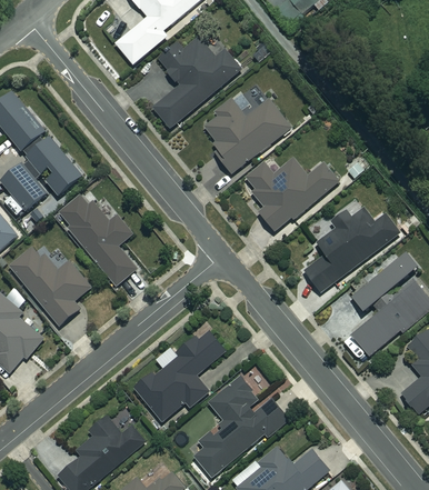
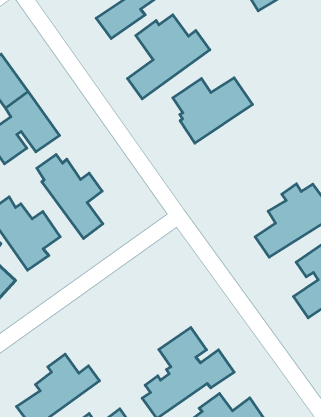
building: [246,158,339,229] -> none
building: [132,329,228,421] -> none

